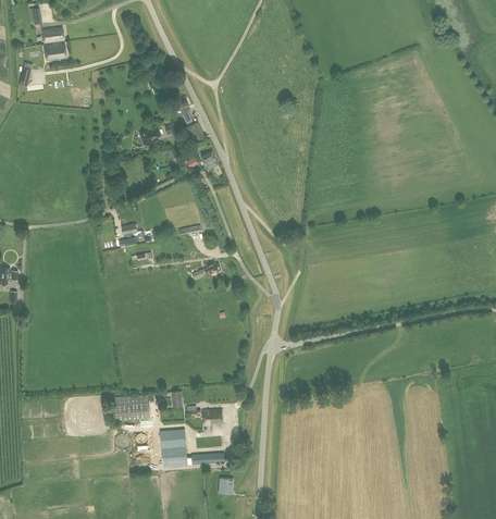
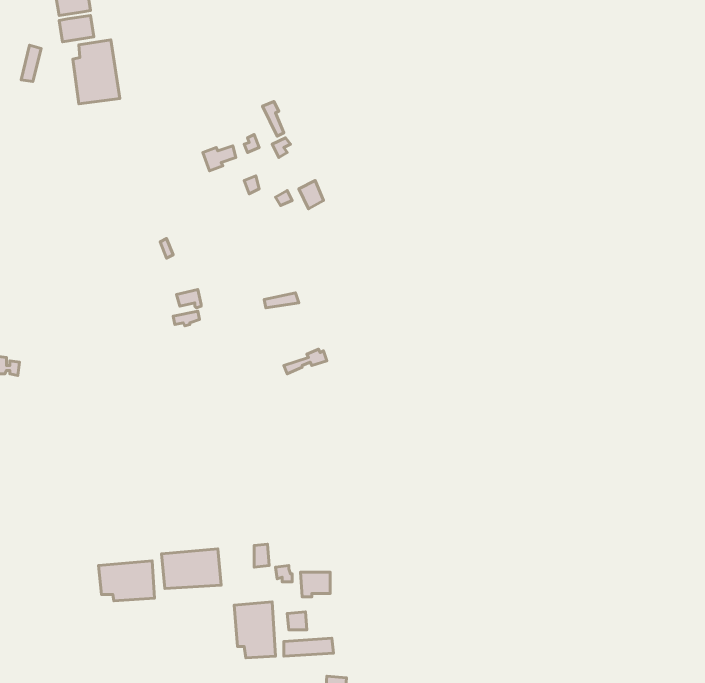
building: none -> [73,40,120,104]
building: none -> [99,561,155,601]

